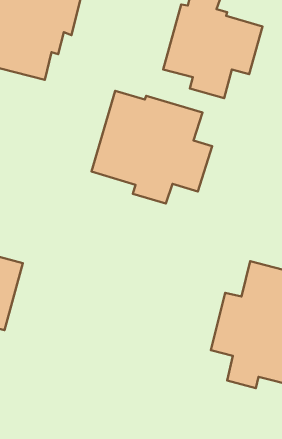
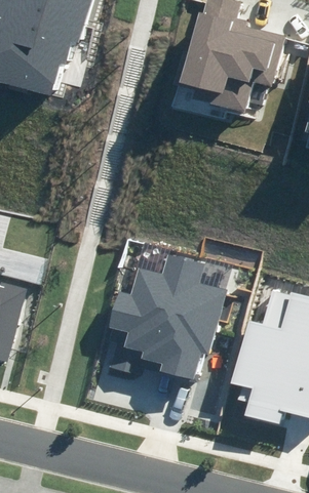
building: [92,91,212,203] -> none
building: none -> [109,255,228,380]

